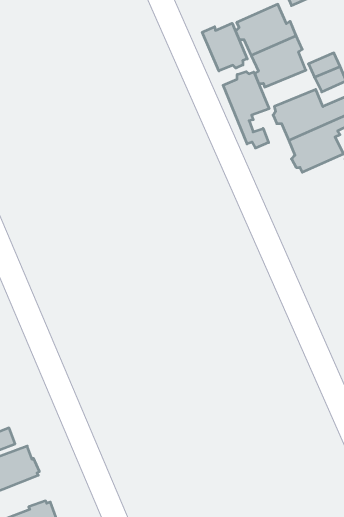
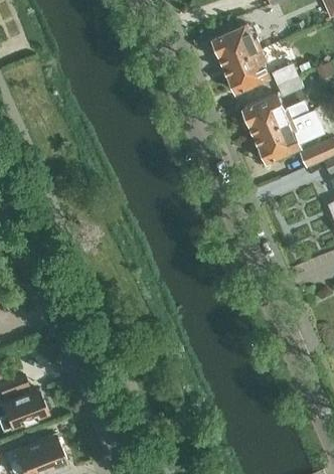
building: [202,23,247,71] -> none
building: [223,72,269,148] -> none

